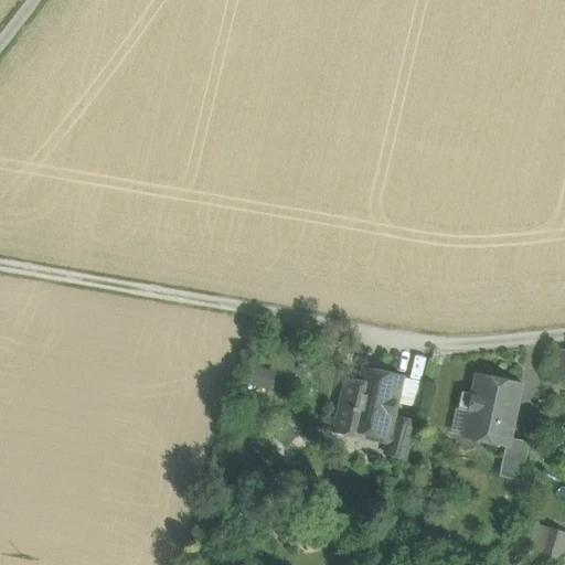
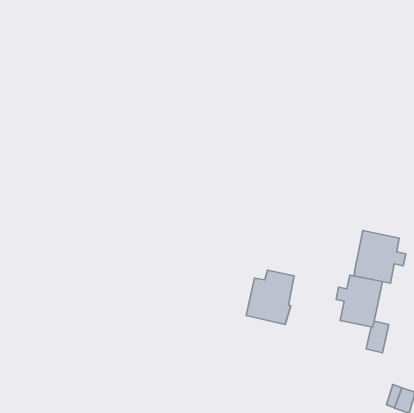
building: none -> [354,231,406,283]
building: [385,416,414,458] -> none

